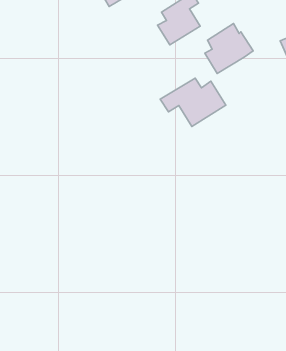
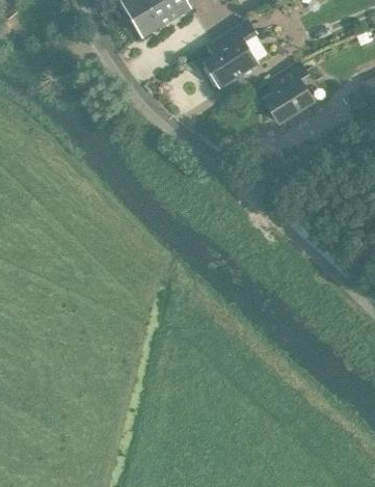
building: [160,78,226,126] -> none

